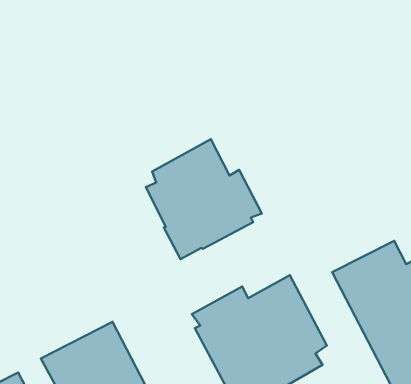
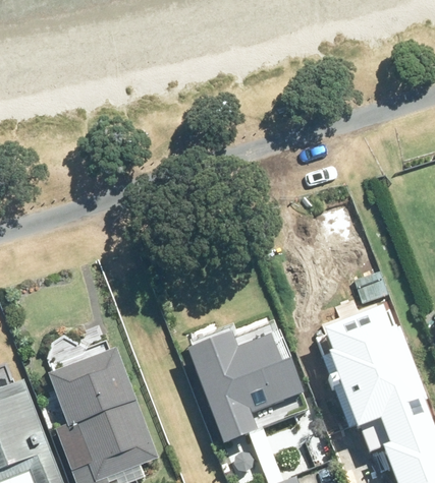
building: [146,139,262,259] -> none

